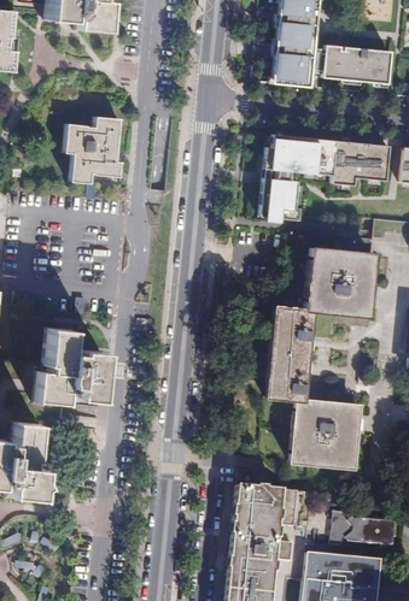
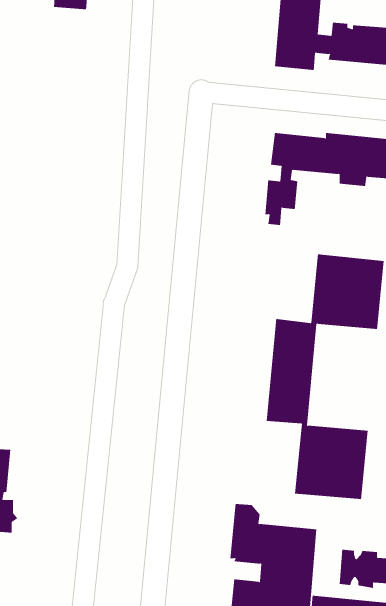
building: [64,116,119,182] -> none
building: [34,326,101,402] -> none

